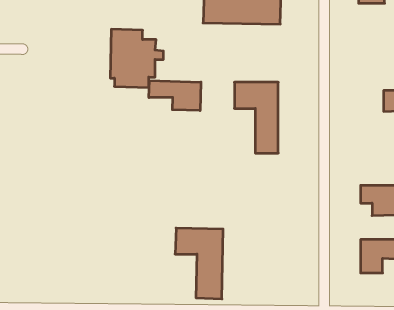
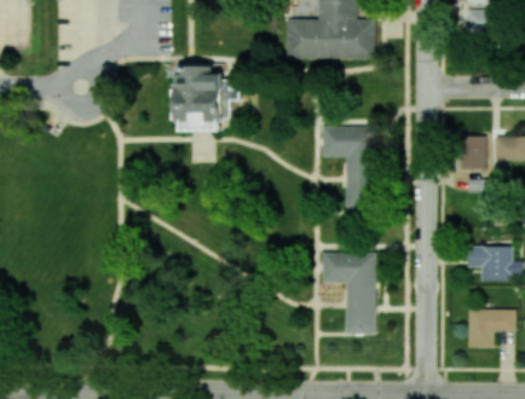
building: [149,81,201,111] -> none
building: none -> [463,137,485,169]
building: [175,228,223,299] -> [321,253,376,335]

